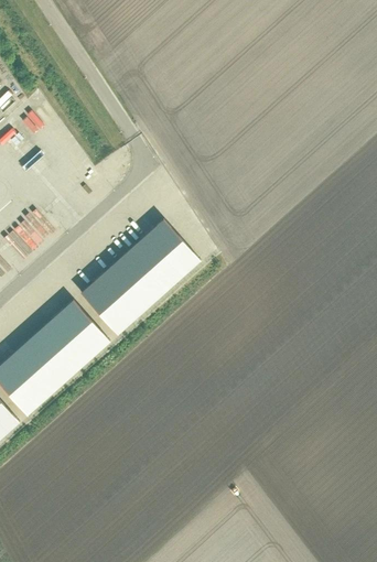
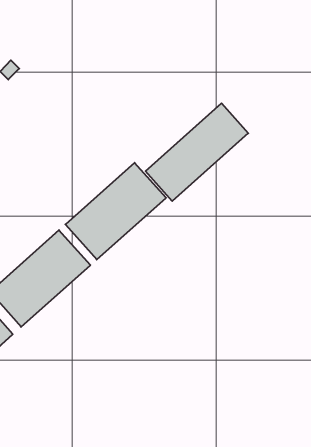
building: none -> [146,103,248,201]

